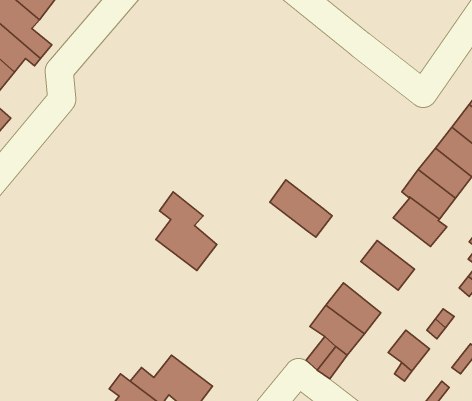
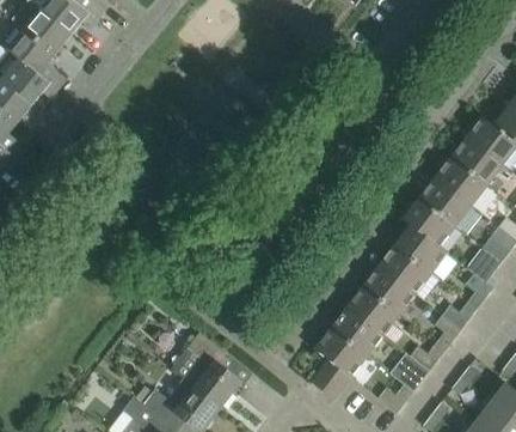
building: [270,180,332,237] -> [380,244,440,299]
building: [156,192,217,271] -> [183,330,241,406]
building: none -> [348,286,400,335]

